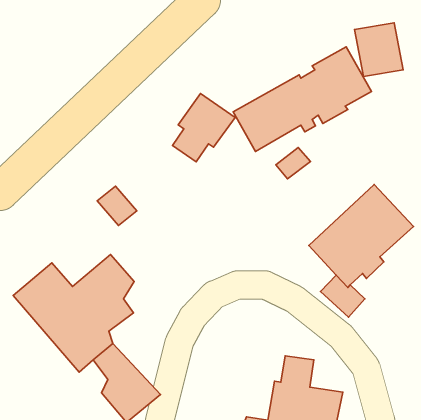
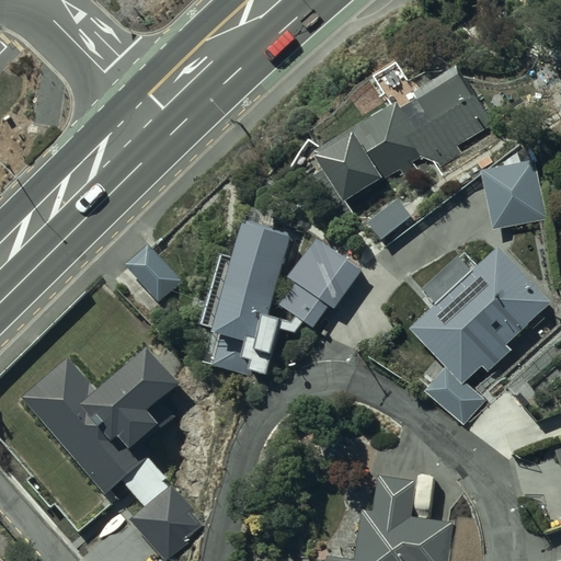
building: [355,23,403,76] -> [481,158,546,229]
building: [172,93,235,162] -> [278,238,362,329]
building: none -> [207,224,289,379]

